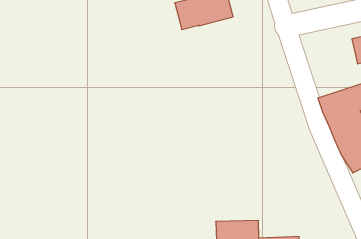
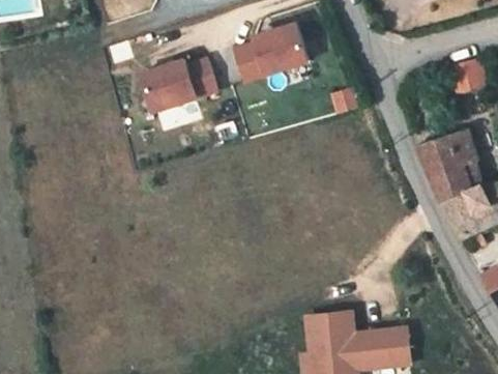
building: none -> [139,58,214,113]

